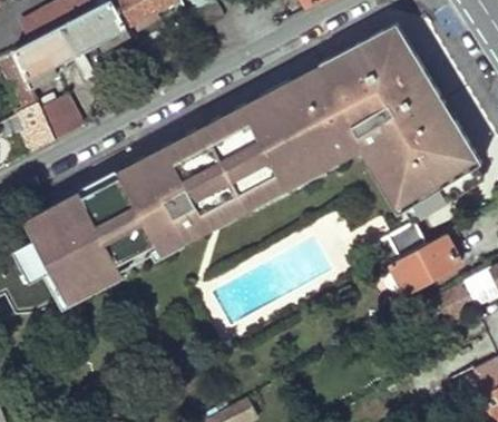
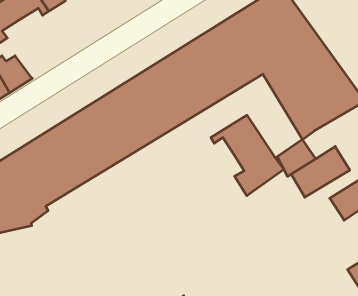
building: none -> [211,115,284,196]

